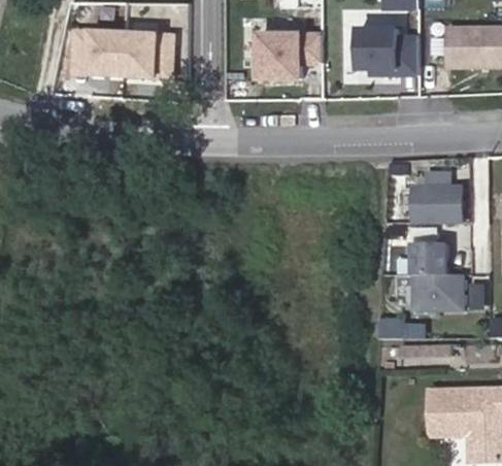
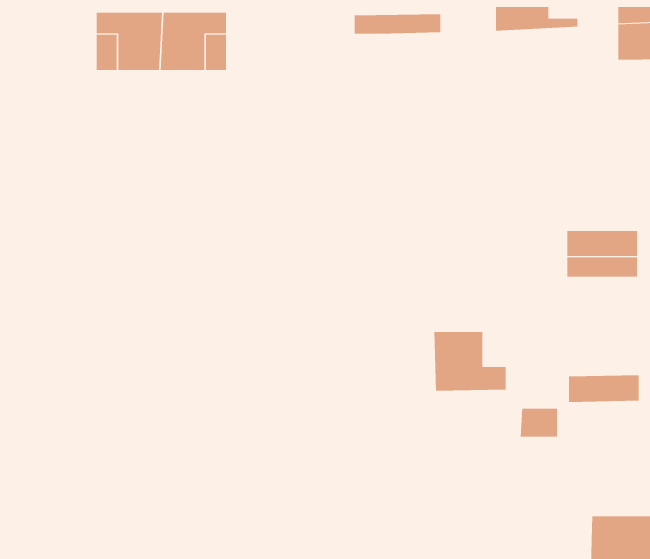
building: [359,42,417,74] -> none
building: [259,46,321,77] -> none
building: [409,247,461,290] -> [434,331,506,391]

